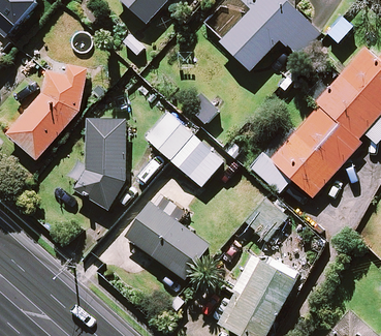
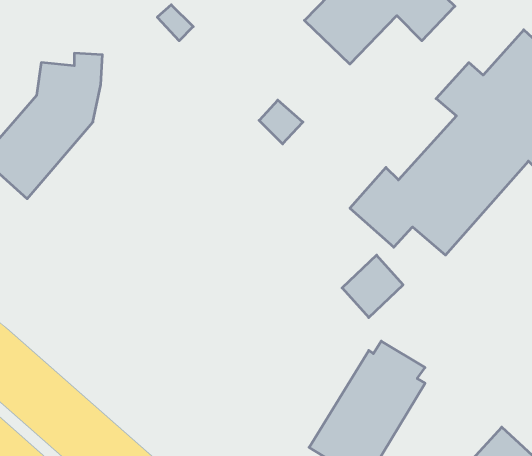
building: [145,111,220,185] -> none
building: [74,119,125,207] -> none
building: [125,203,210,280] -> none

